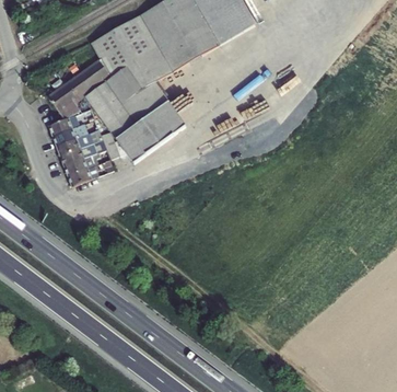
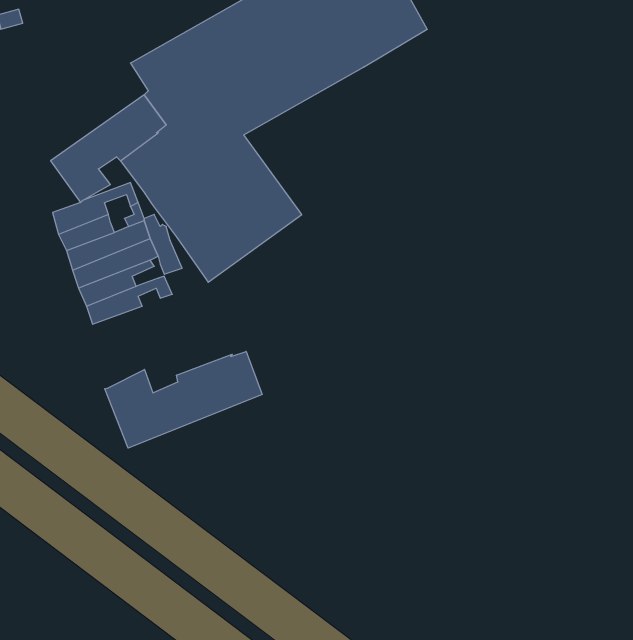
building: none -> [105,351,262,448]

